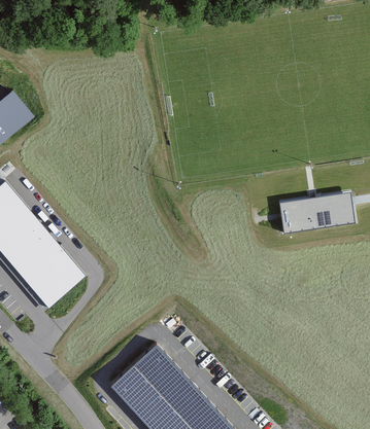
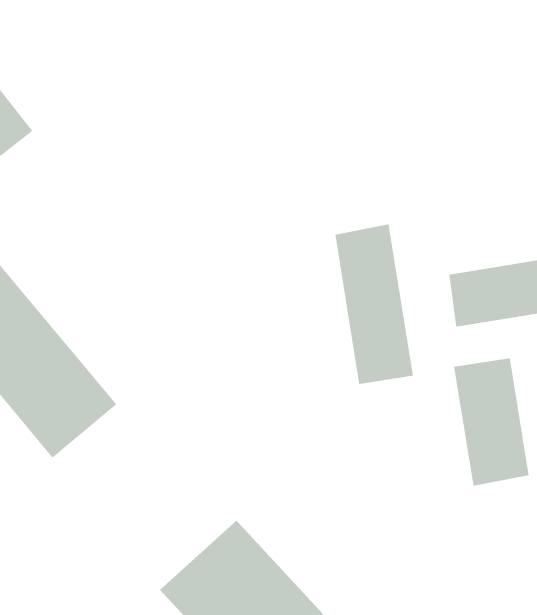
building: none -> [335,224,413,385]
building: none -> [454,357,529,486]

